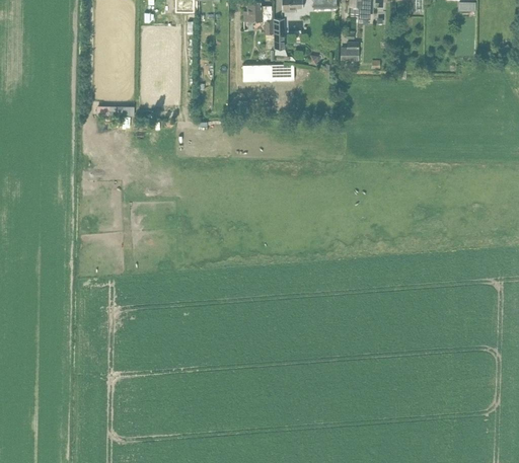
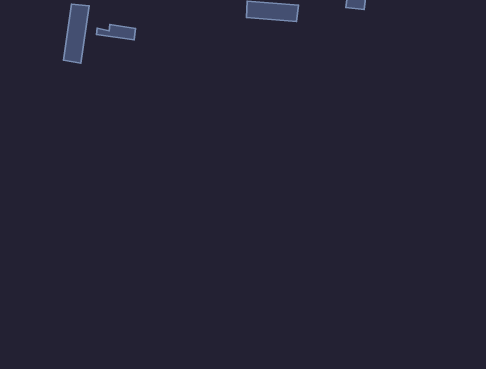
building: none -> [64,4,89,63]

